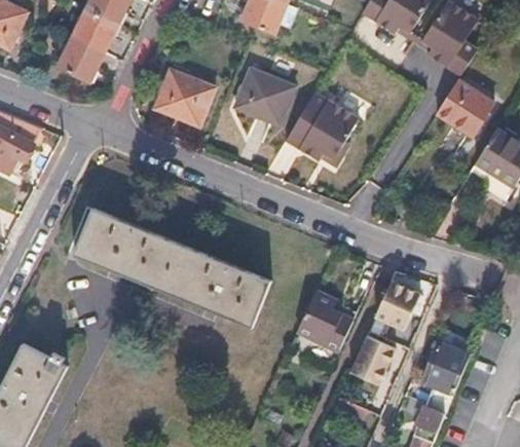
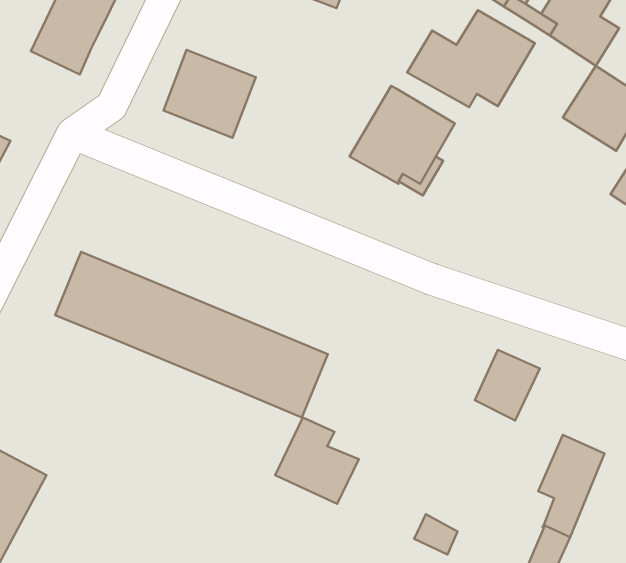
building: none -> [407,10,535,107]
building: [231,65,297,127] -> none
building: [295,290,355,351] -> [275,417,359,504]
building: [349,333,396,383] -> none

